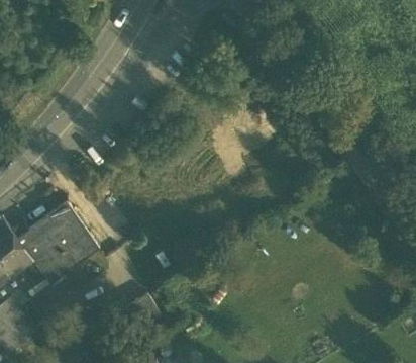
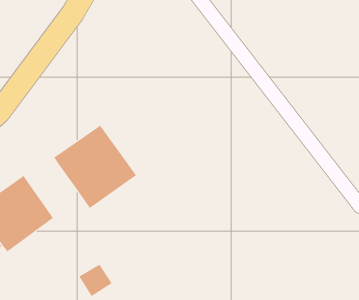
building: none -> [54,125,137,209]

